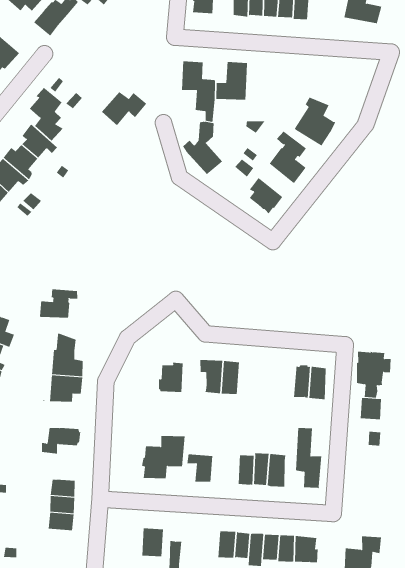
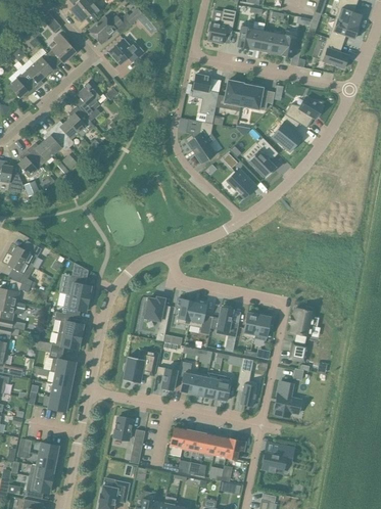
building: none -> [238,83,267,110]
building: none -> [284,96,322,128]
building: [101,91,147,126] -> [108,39,143,64]
building: [39,288,78,319] -> none
building: none -> [210,307,238,336]
building: none -> [54,312,84,336]
building: none -> [178,361,196,394]
building: none -> [274,380,300,416]
building: none -> [48,350,76,374]

